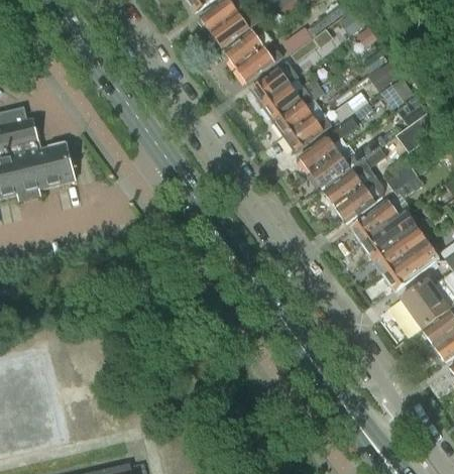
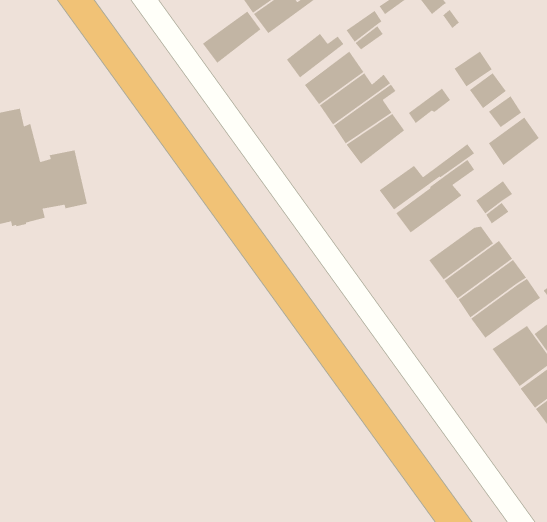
building: [224,26,271,69] -> [202,10,262,64]
building: [299,118,356,172] -> none
building: [335,176,383,223] -> none

